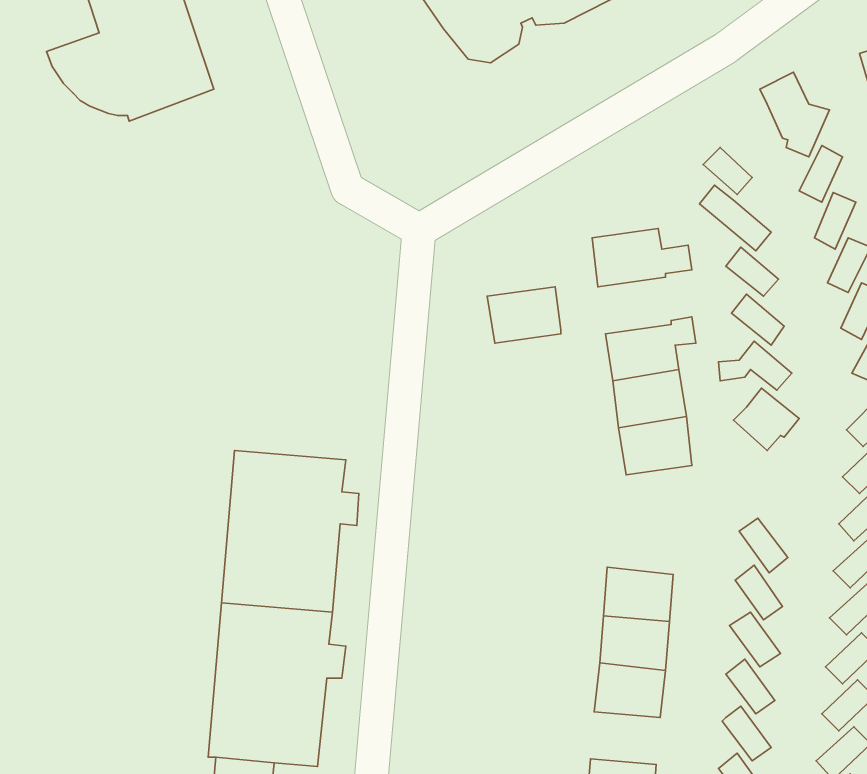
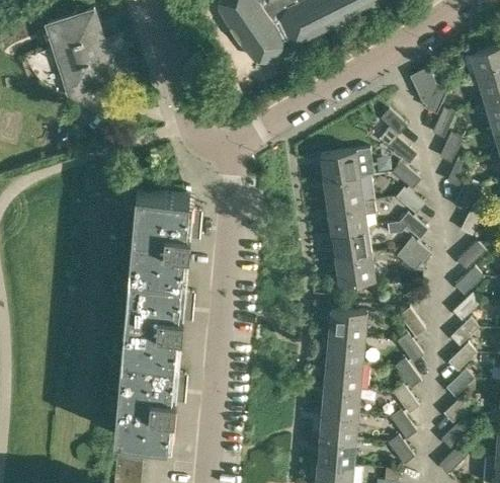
building: [487,287,561,343] -> [323,177,362,208]
building: none -> [128,188,201,275]
building: none -> [328,308,366,337]
building: none -> [319,411,356,439]

